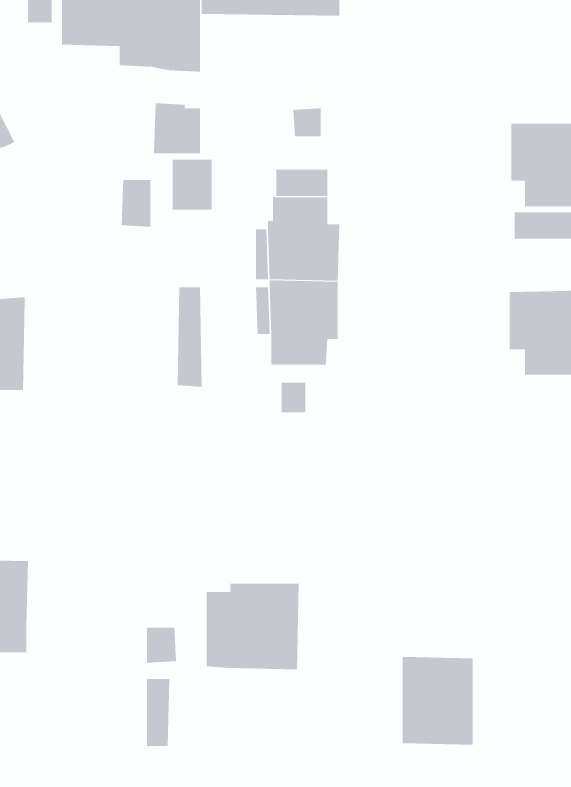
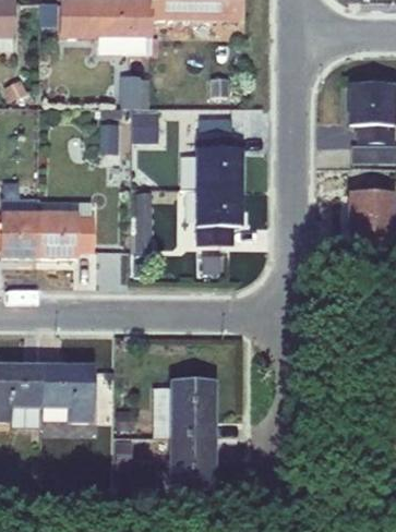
building: none -> [38,200,93,257]
building: none -> [40,366,94,421]
building: [402,657,473,745] -> [168,435,214,492]

